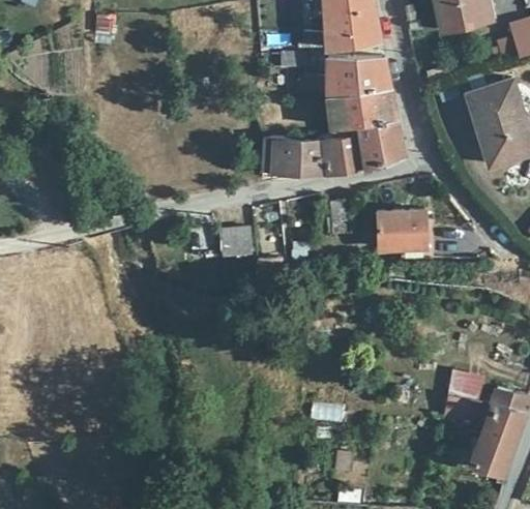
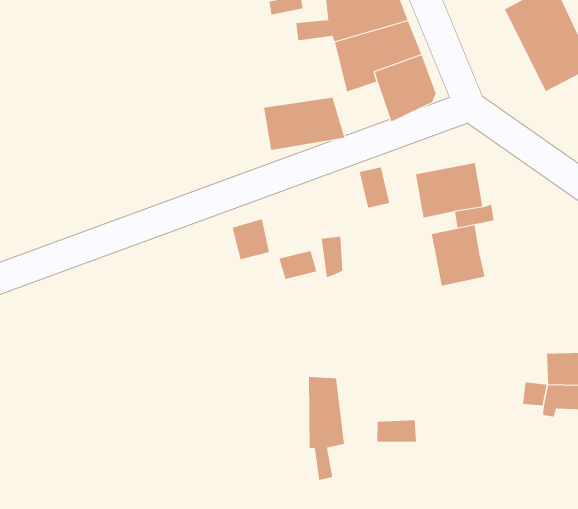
building: [321,133,363,174] -> none
building: none -> [431,224,485,286]
building: none -> [309,376,345,481]

